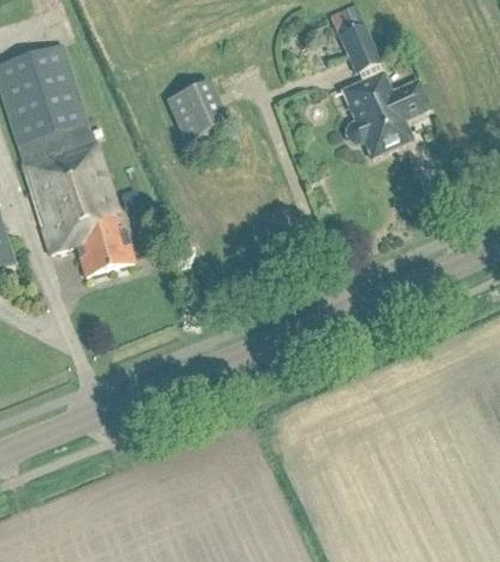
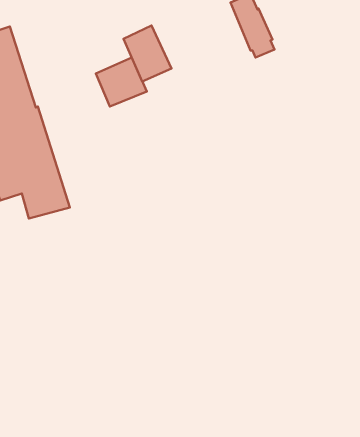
building: none -> [124,26,172,81]
building: [337,70,429,159] -> none

